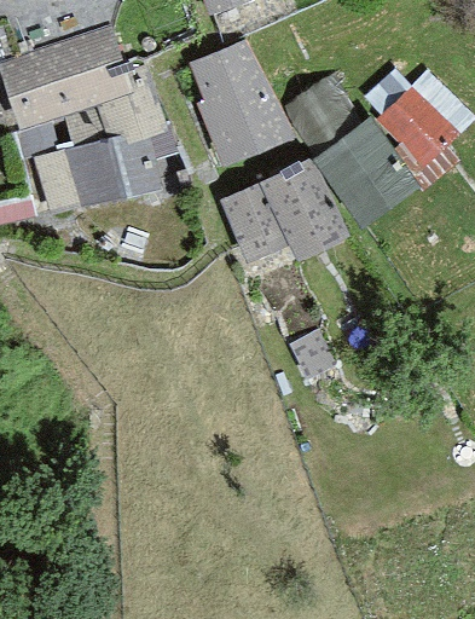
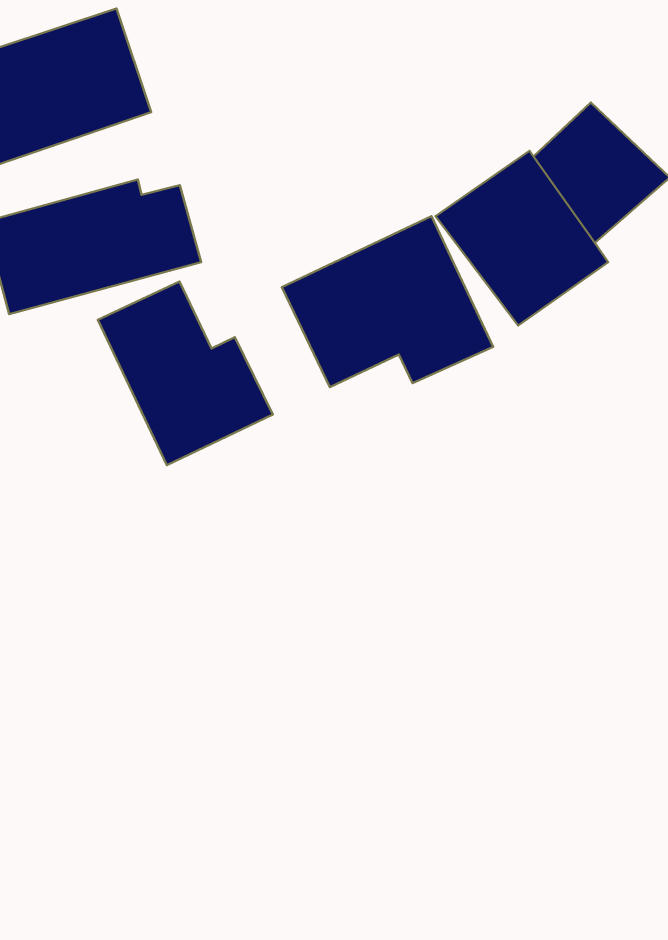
building: [184,39,295,164] -> none
building: none -> [98,282,273,465]

